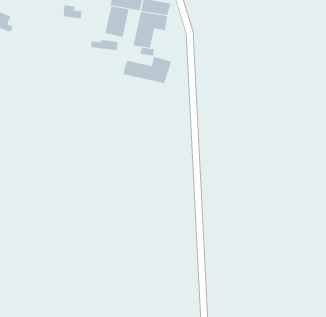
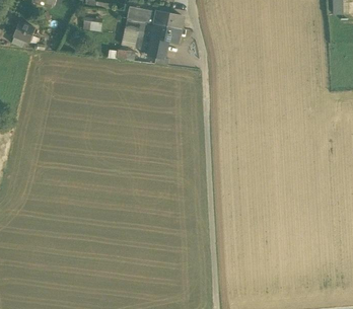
building: [123,56,172,84] -> none

